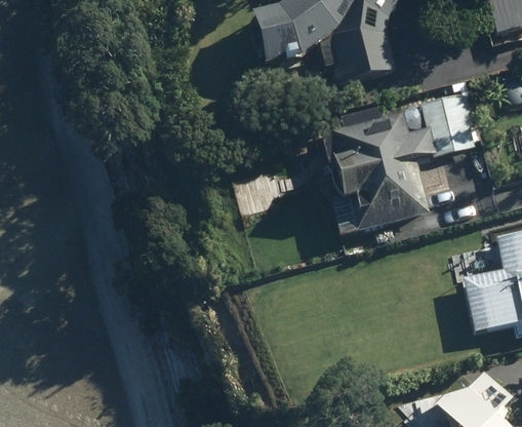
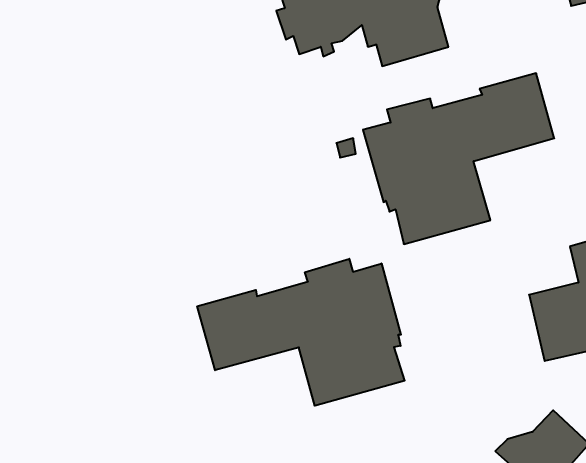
building: none -> [197,259,405,406]

